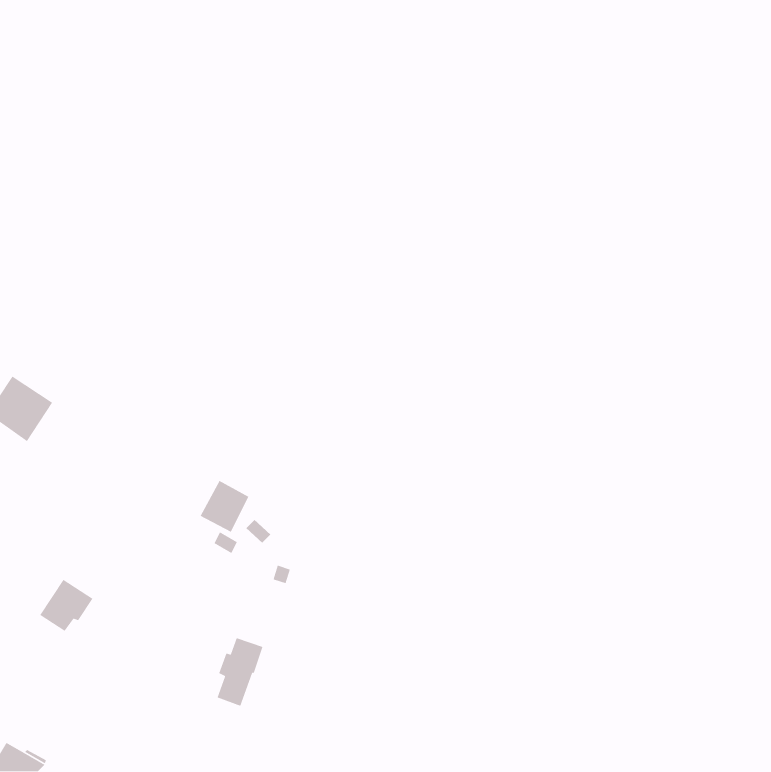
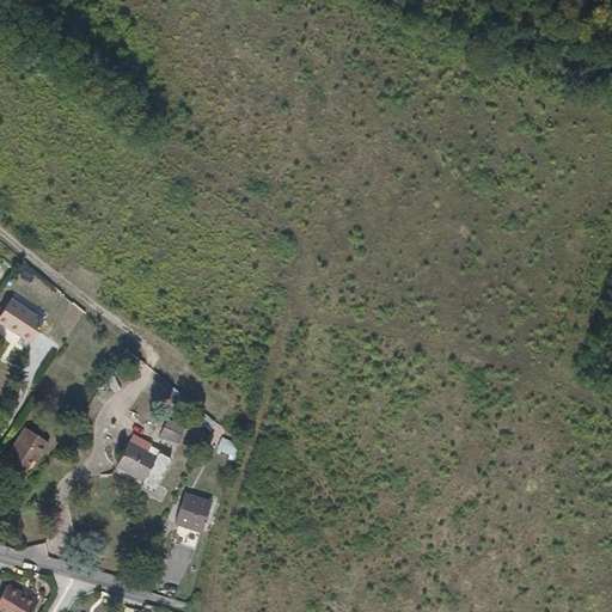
building: [199,480,249,533] -> [121,435,160,477]
building: [39,579,94,632] -> [6,424,49,466]

